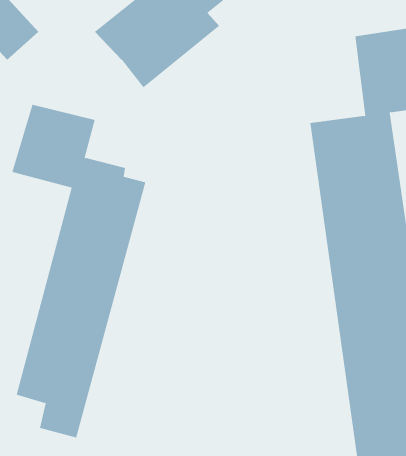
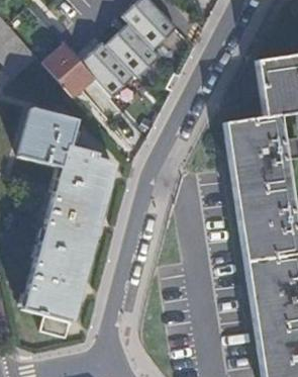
building: none -> [42,43,95,96]

